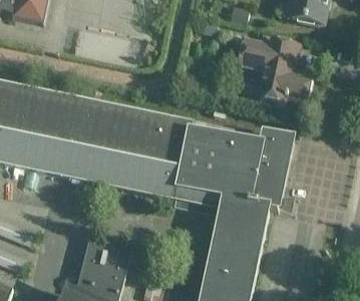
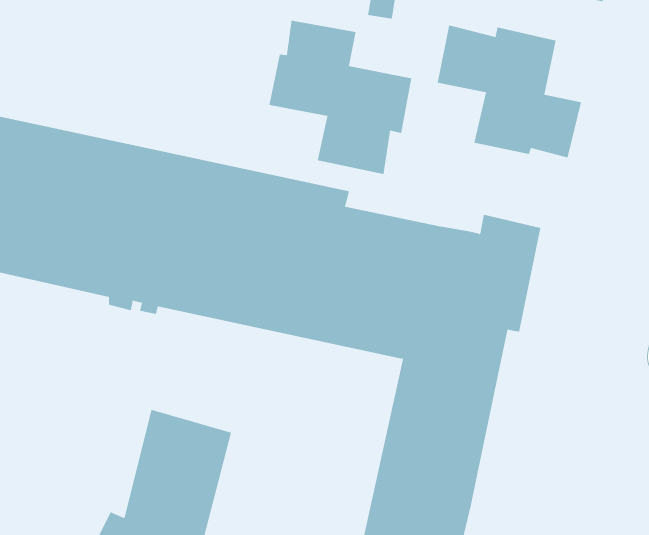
building: none -> [269,20,412,175]

